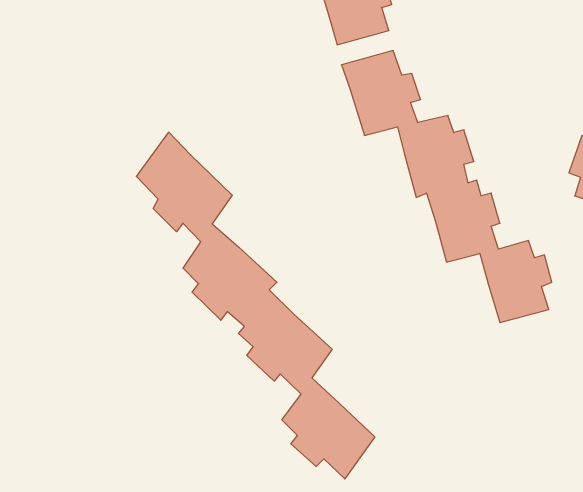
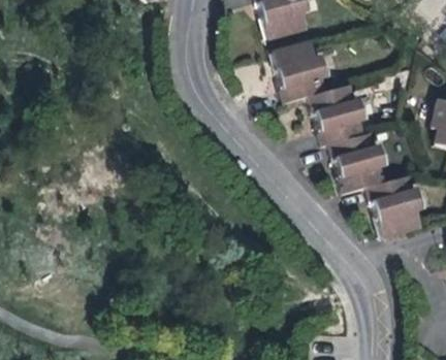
building: [136,132,375,479] -> none

